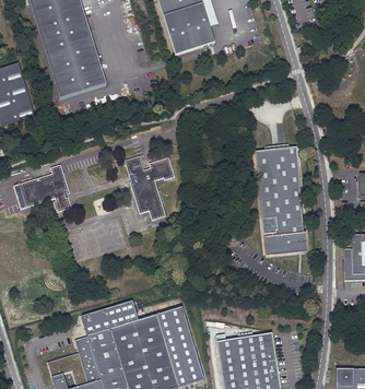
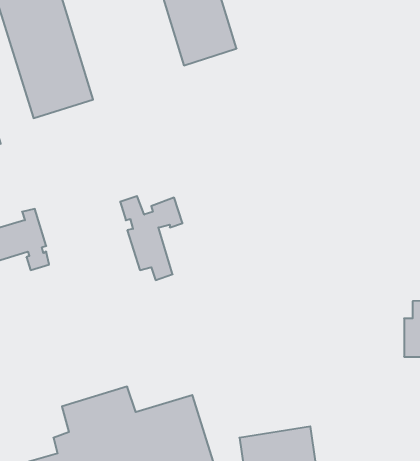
building: [254,146,302,254] -> none

